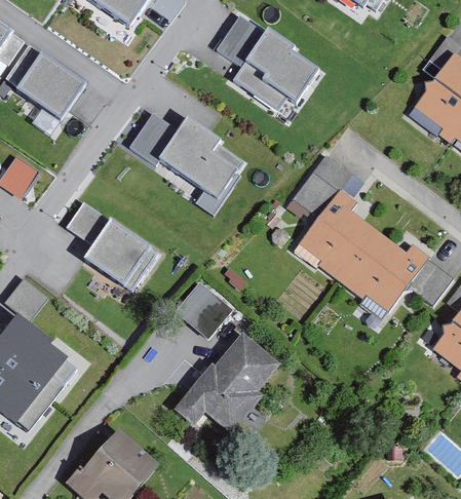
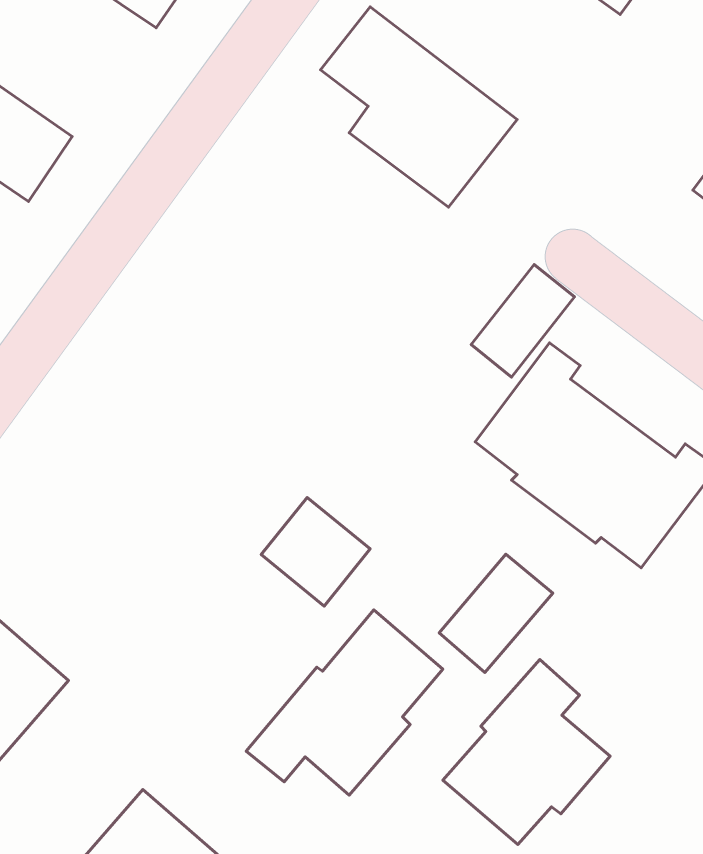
building: [127,107,239,204] -> none
building: [65,199,155,289] -> none
building: none -> [439,554,553,672]
building: none -> [443,659,610,845]

